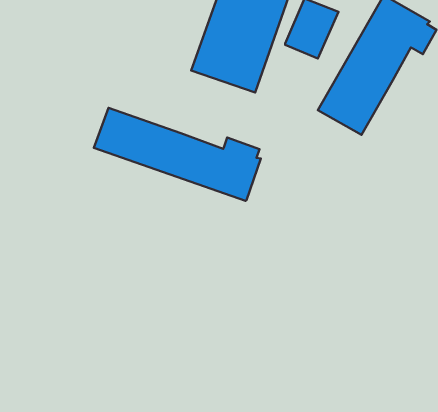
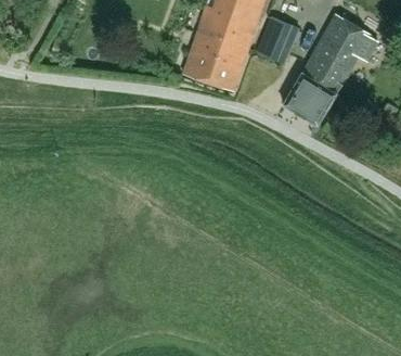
building: [94,108,261,201] -> none

